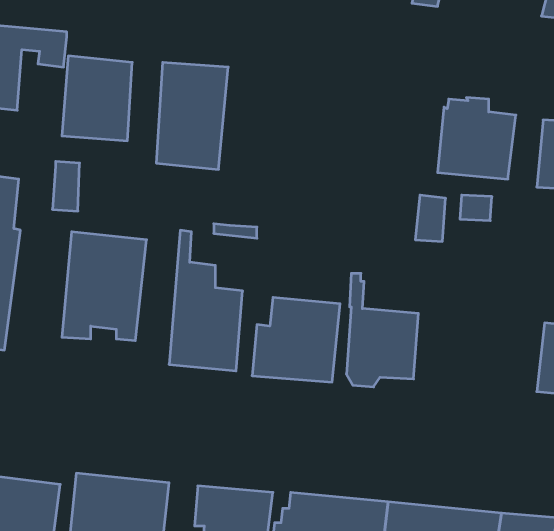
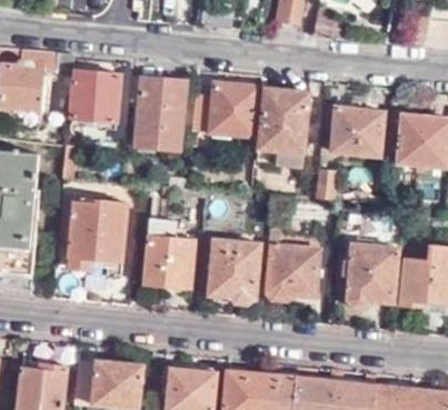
building: none -> [191,83,257,136]
building: none -> [258,88,309,167]
building: none -> [341,243,398,309]

